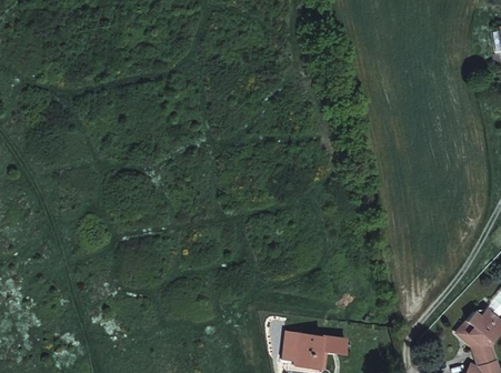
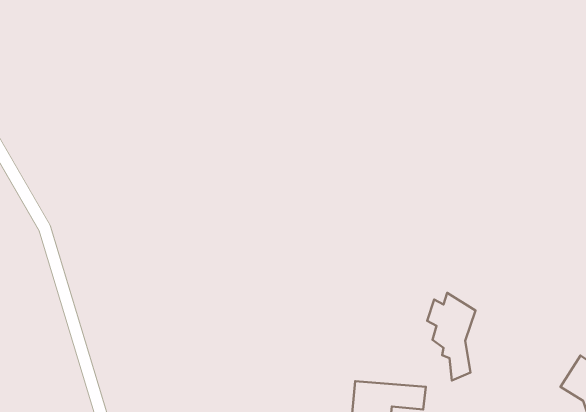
building: none -> [427,293,475,381]

